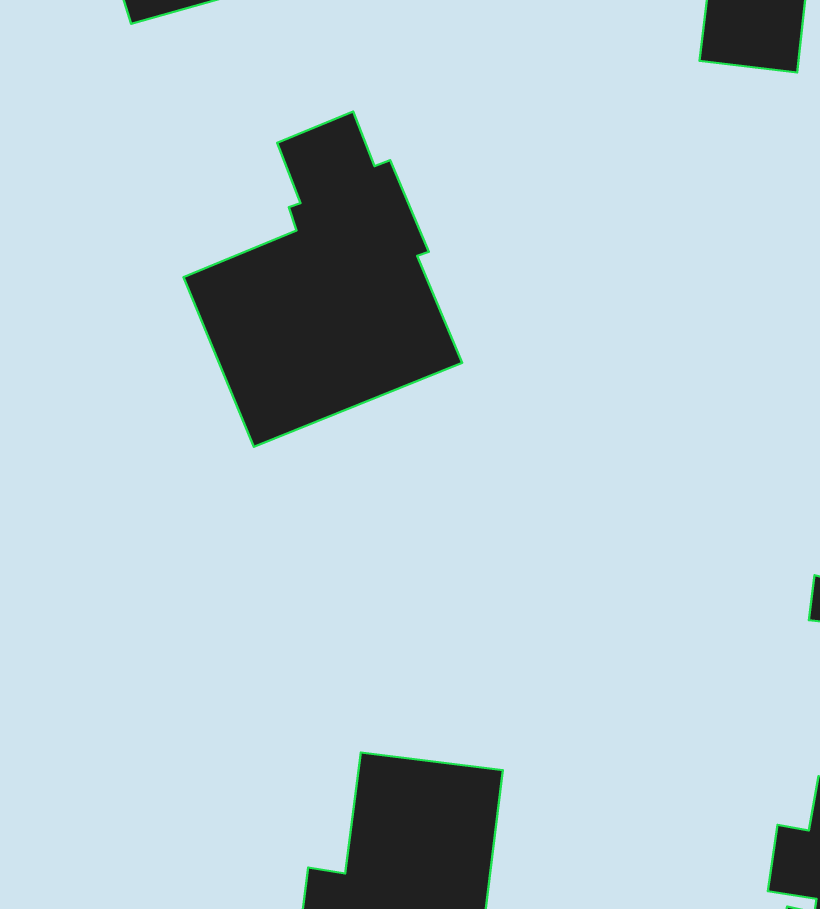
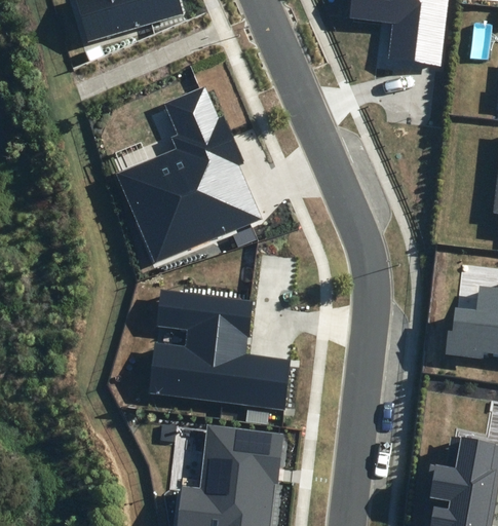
building: none -> [149,291,292,410]

